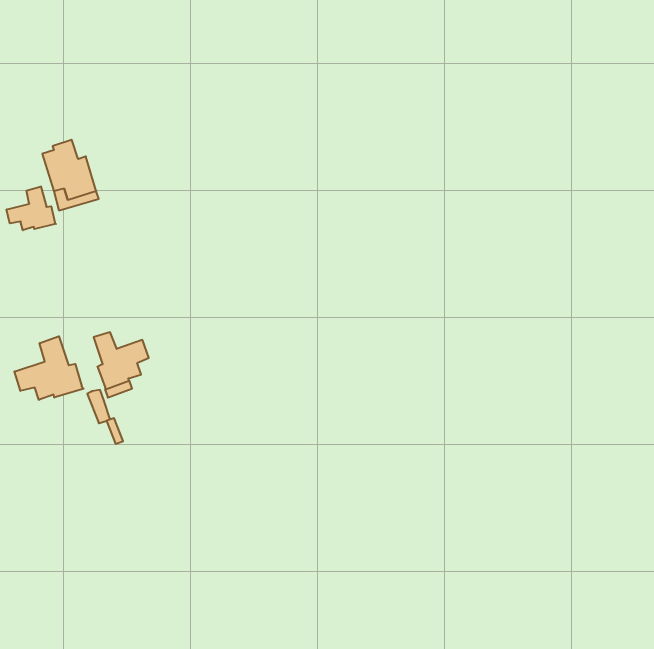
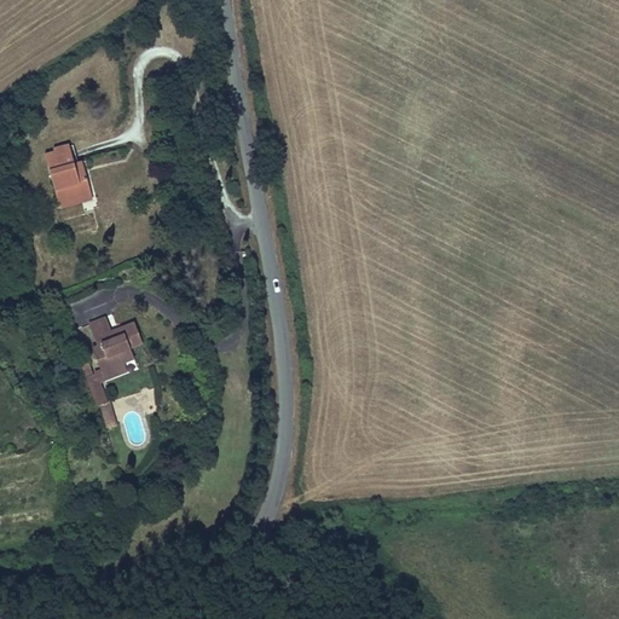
building: [7,186,56,230] -> none
building: [14,336,84,400] -> none

